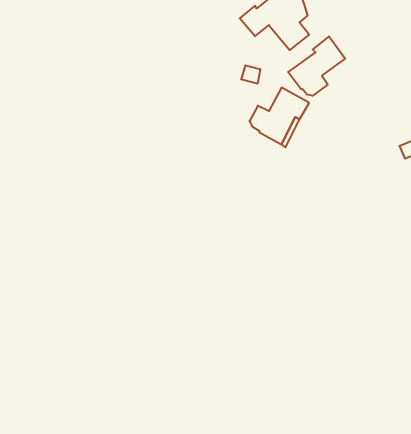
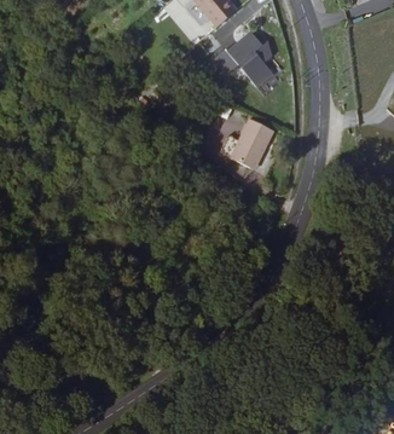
building: [288,36,345,96] -> none

